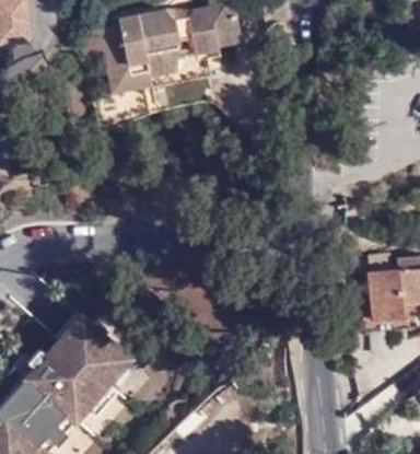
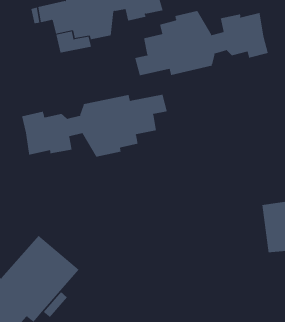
building: none -> [134,10,269,76]
building: none -> [21,94,167,158]

